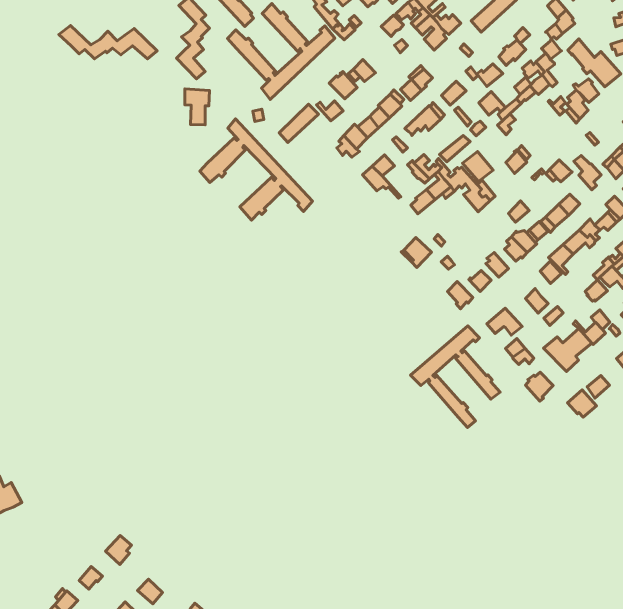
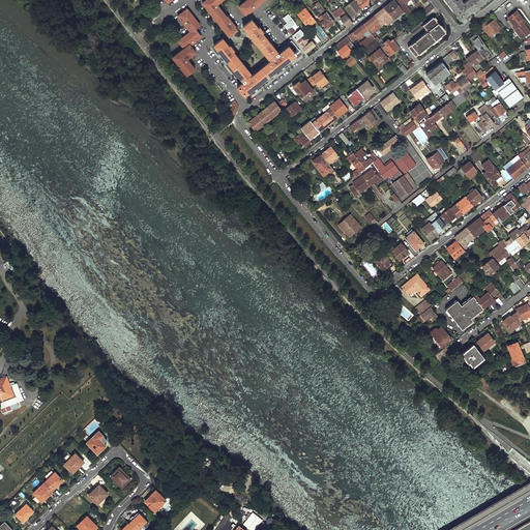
building: [59,25,157,59] -> none
building: [185,89,209,125] -> none
building: [200,119,312,220] -> none
building: [410,326,500,427] -> none

